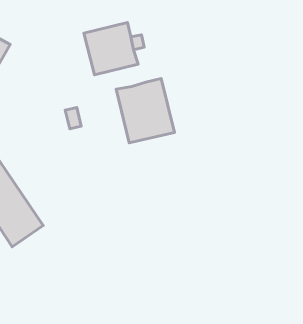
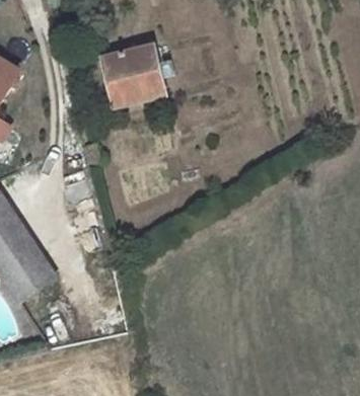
building: [116,79,175,143] -> none

